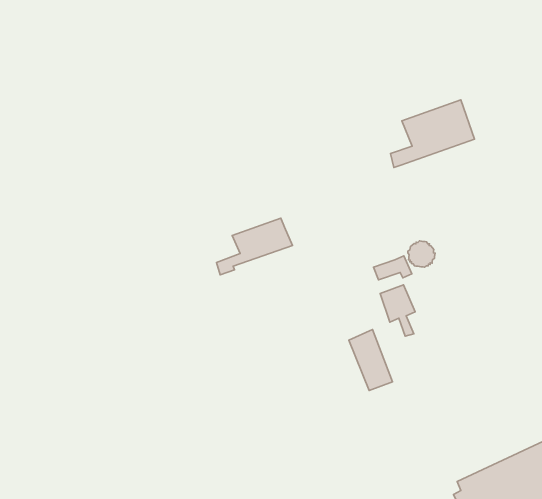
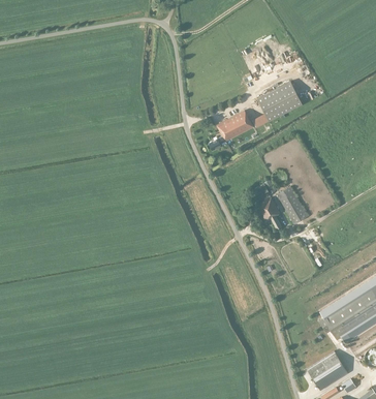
building: [217,218,292,275] -> [211,112,255,151]
building: [349,330,393,391] -> [279,187,309,224]

